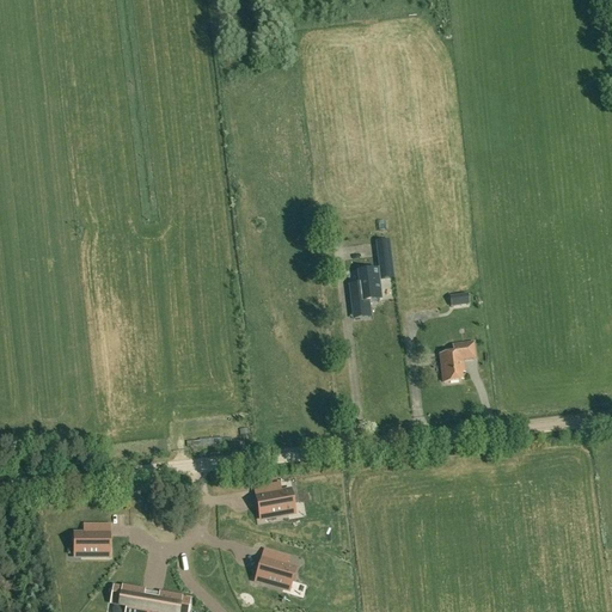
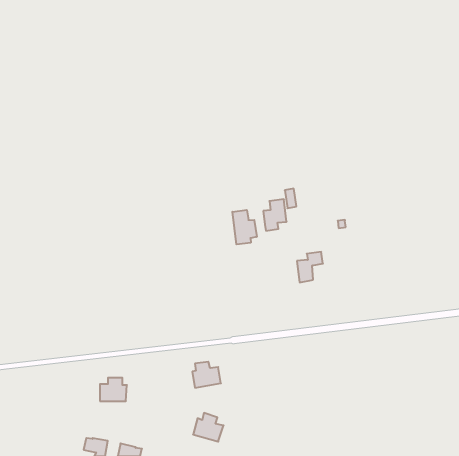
building: none -> [232,210,257,244]
building: [440,339,475,380] -> [297,252,323,282]
building: [75,522,111,553] -> [100,378,127,401]

